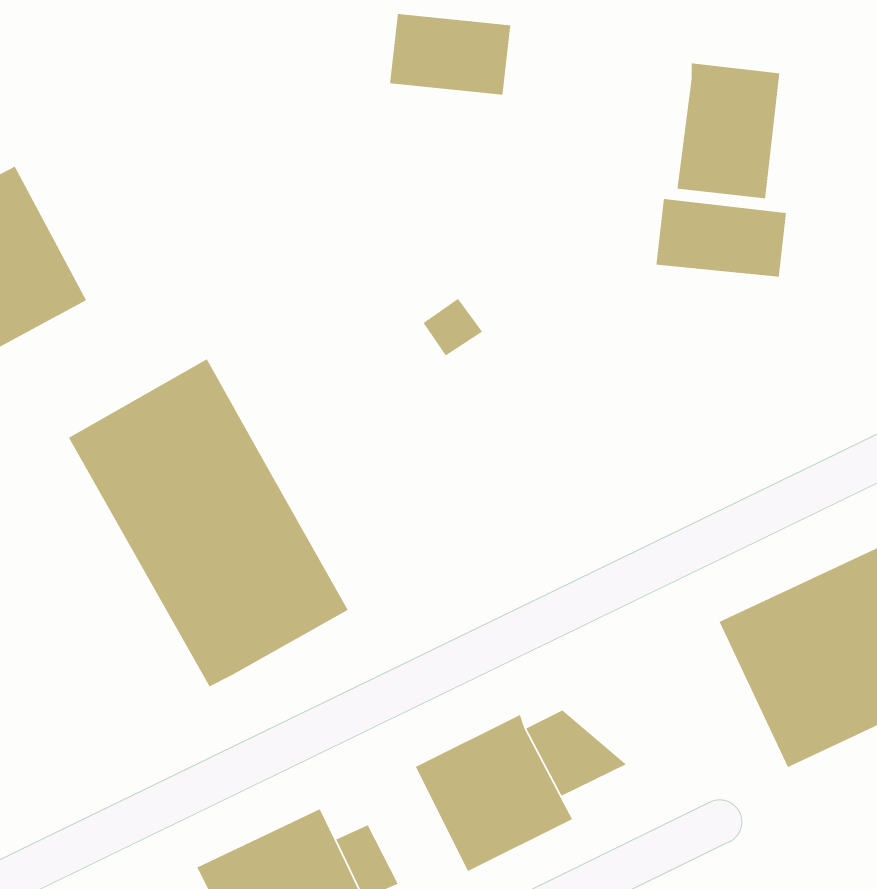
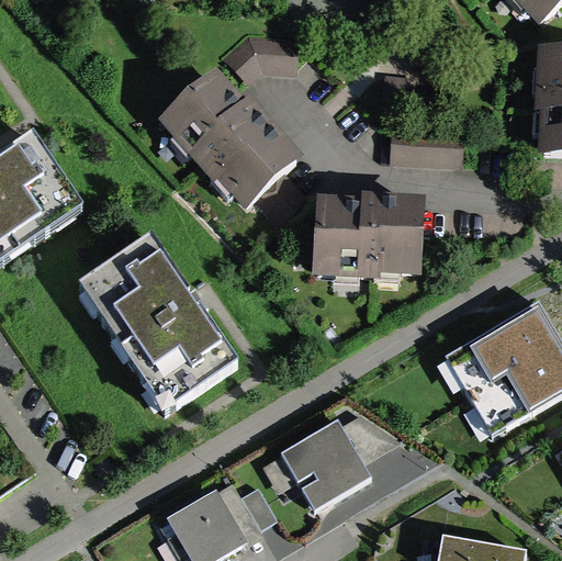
building: [676,62,780,199] -> none
building: none -> [164,77,297,212]
building: none -> [313,197,425,278]

